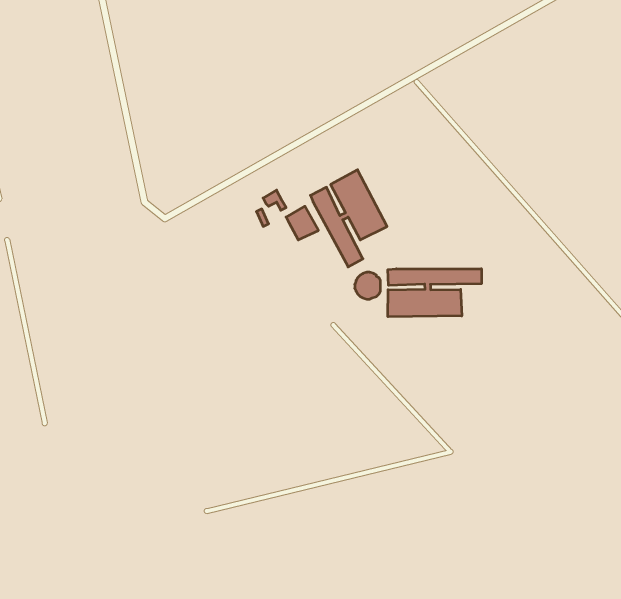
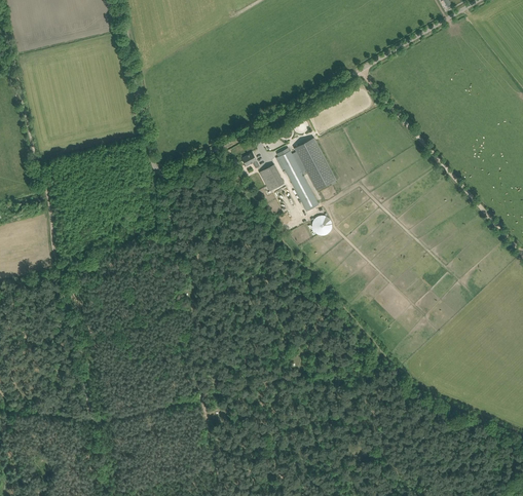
building: [388,269,481,317] -> none

